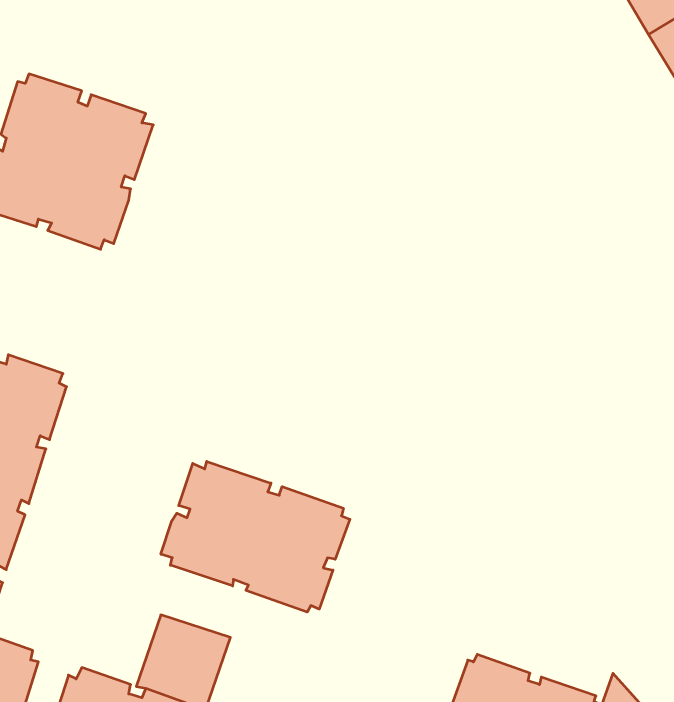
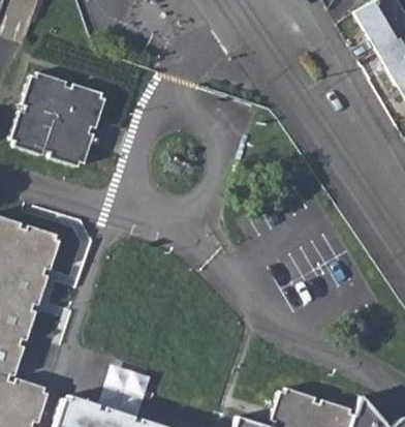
building: [161,461,350,612] -> none

